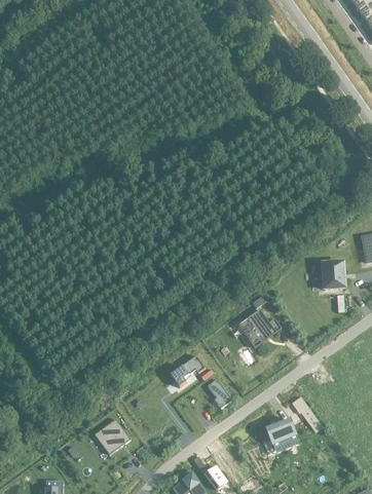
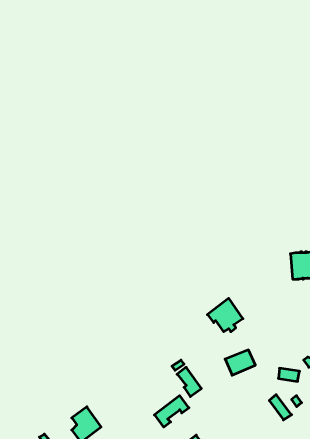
building: [169,354,203,386] -> [154,396,189,427]
building: [264,419,295,445] -> [225,350,255,375]

